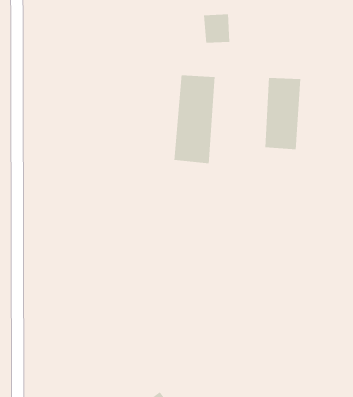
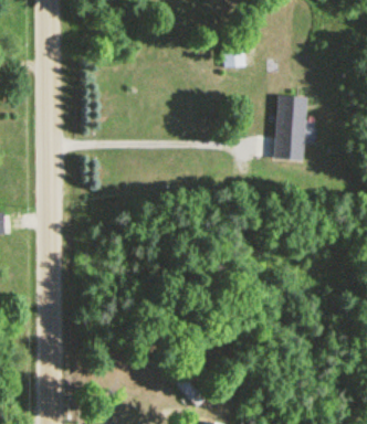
building: [174,74,215,164] -> none

